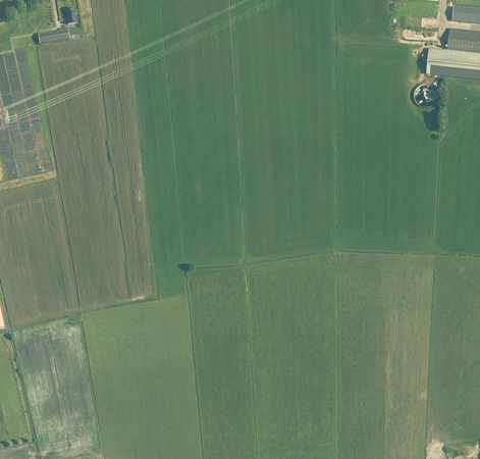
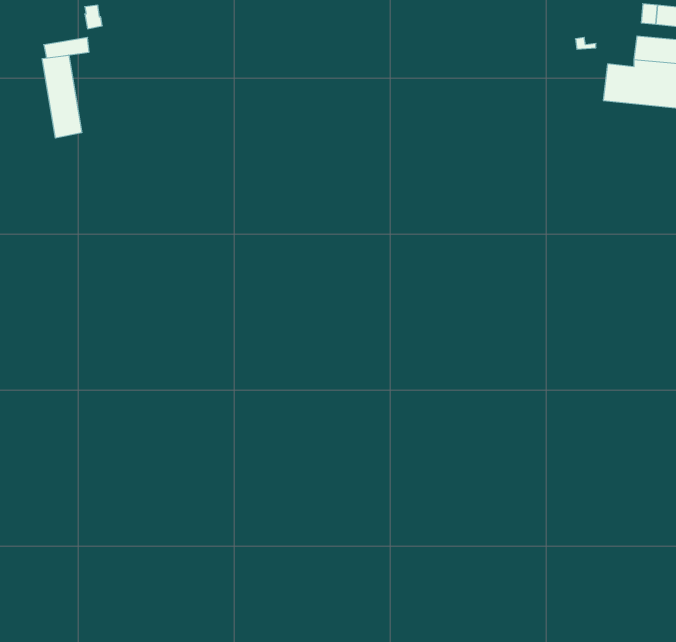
building: none -> [42,55,82,138]

